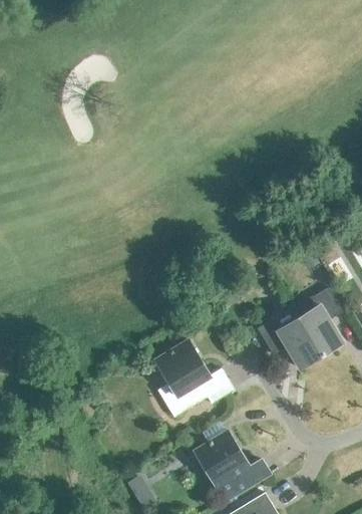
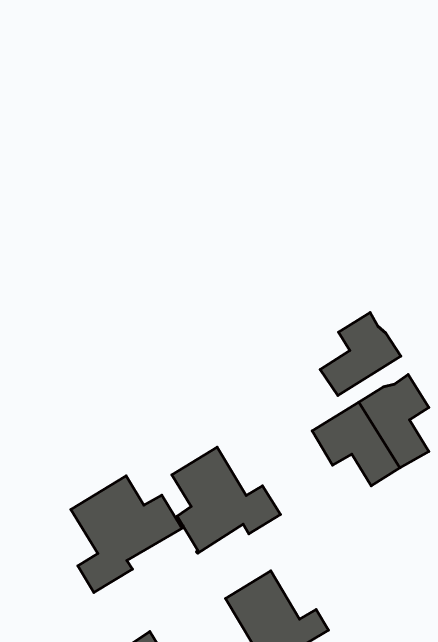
building: none -> [320,312,401,396]
building: none -> [71,476,184,593]

